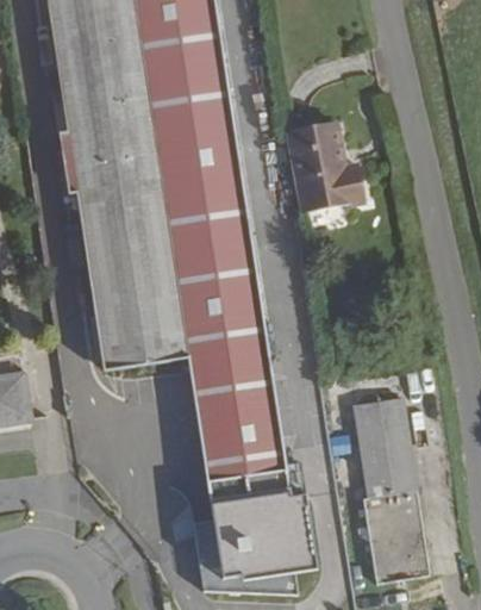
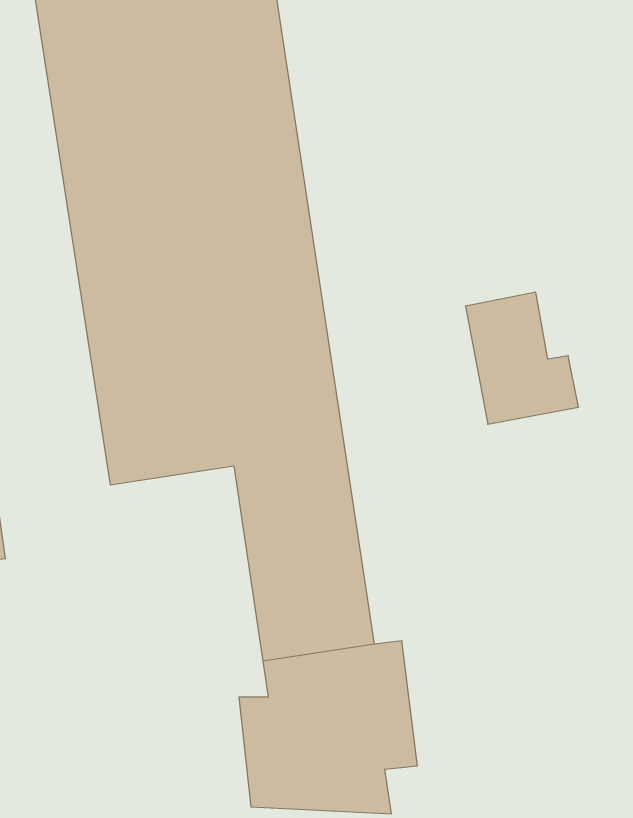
building: [286,120,364,212] -> [465,292,579,424]
building: [352,397,429,583] -> none

